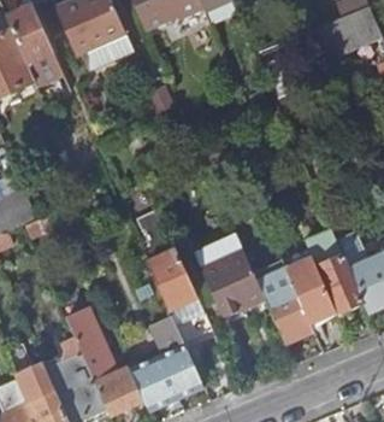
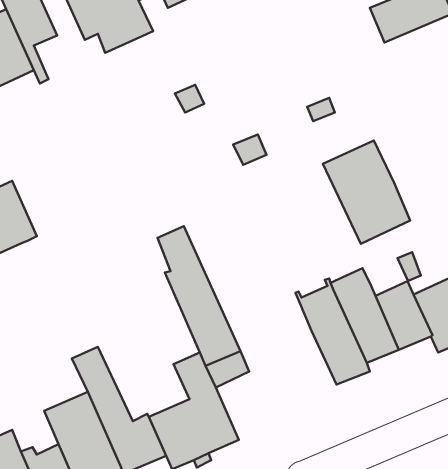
building: [191,231,264,317] -> [323,141,410,244]

